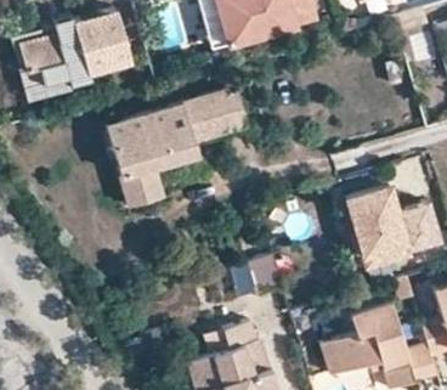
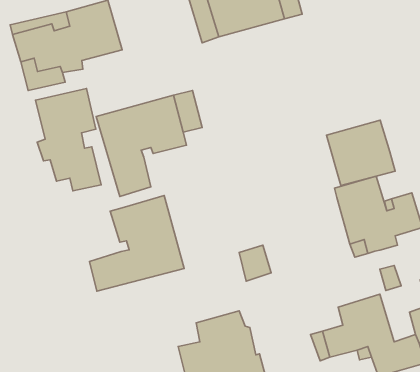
building: [203,87,248,136] -> none
building: none -> [35,89,101,191]
building: none -> [326,120,395,186]
building: none -> [90,196,184,291]

